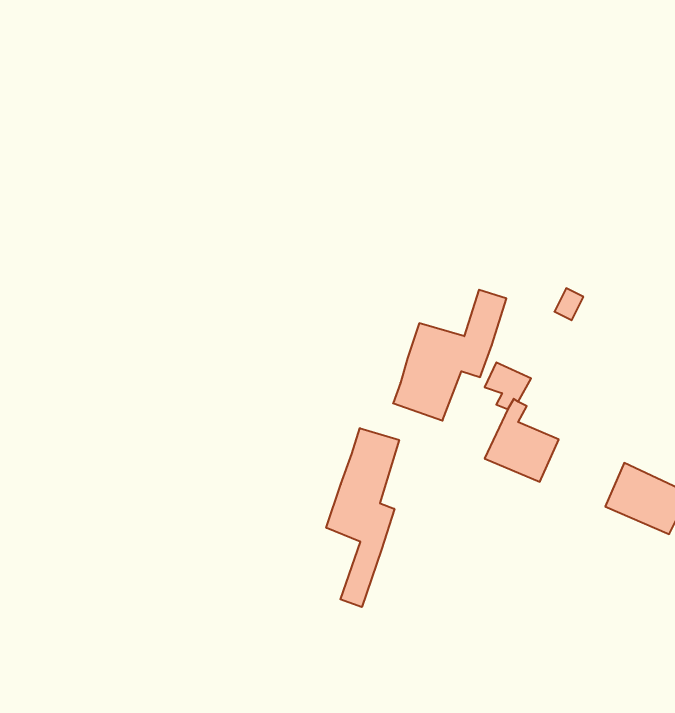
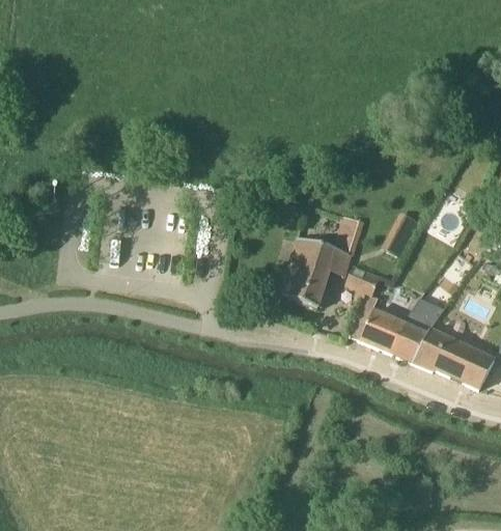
building: none -> [388,297,448,369]
building: [326,428,399,607] -> none

